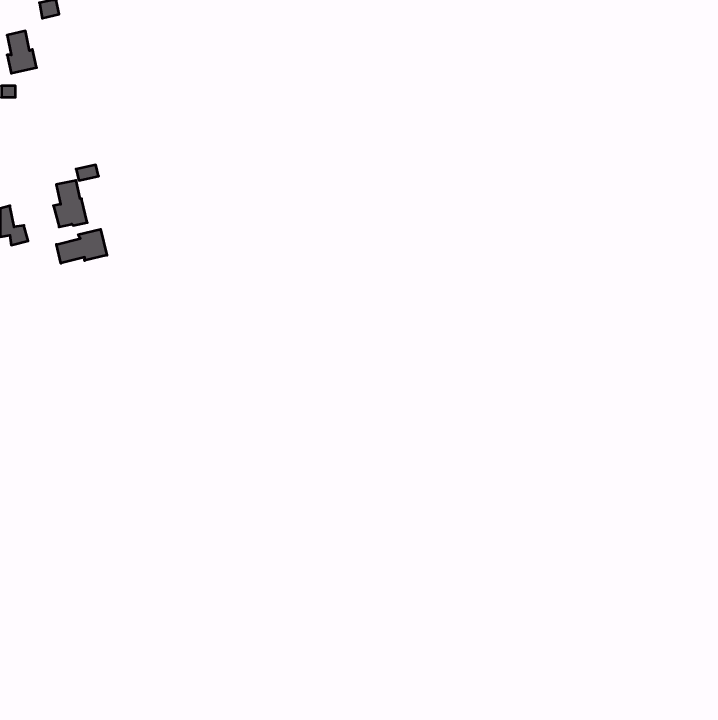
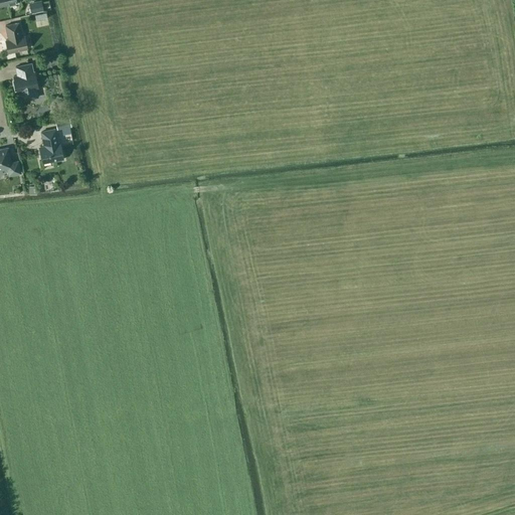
building: none -> [14,63,38,100]
building: [56,229,107,263] -> none

